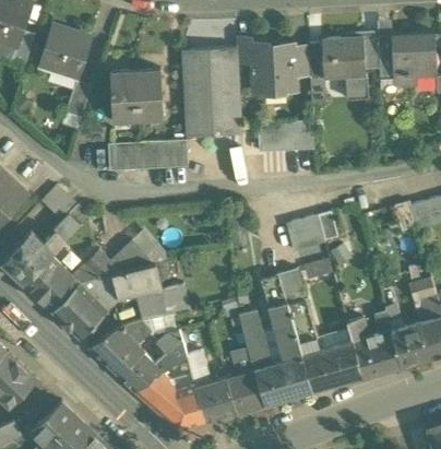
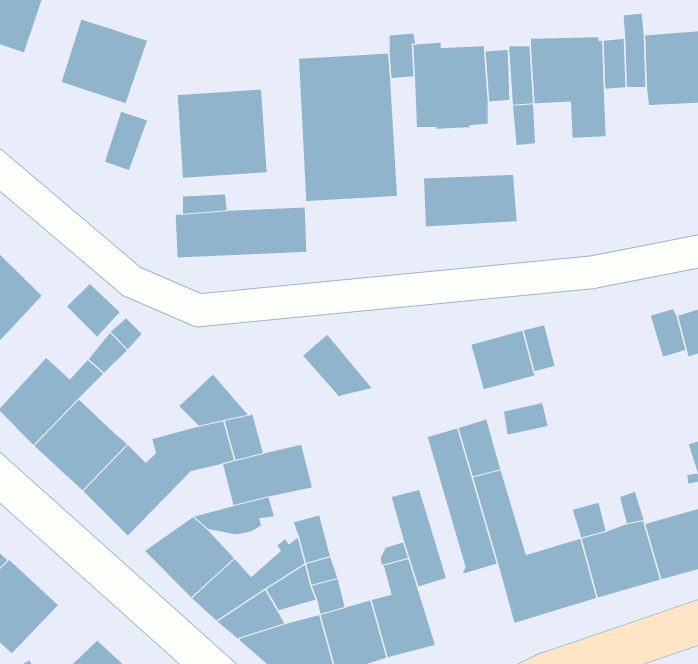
building: [130,227,172,265] -> [302,334,373,397]
building: [71,249,121,283] -> none
building: [253,355,311,404] -> none

